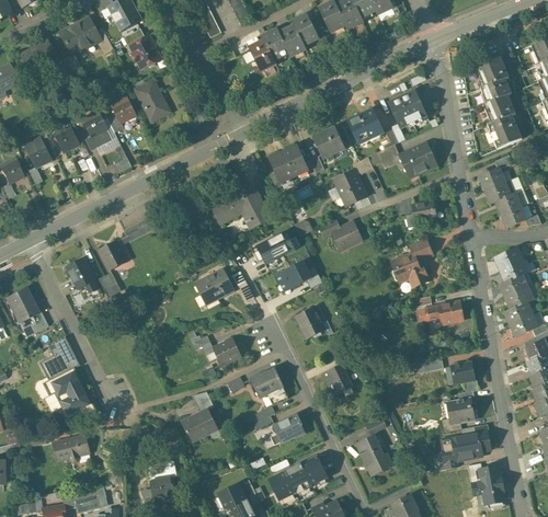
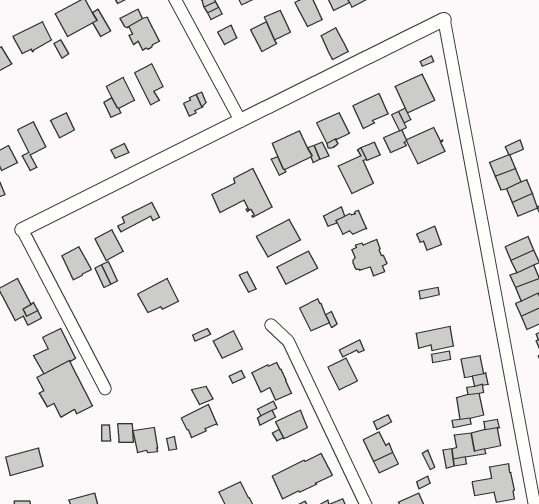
building: [279,25,306,56] -> [321,28,348,60]
building: [476,57,522,148] -> none
building: [82,110,113,150] -> none
building: [406,200,435,227] -> none
building: [391,251,425,286] -> [352,240,387,276]
building: [194,267,233,300] -> [138,278,179,312]
building: [426,300,463,323] -> [416,327,454,351]
building: [53,434,89,460] -> [6,448,43,475]
building: [150,475,174,499] -> [133,428,158,453]

